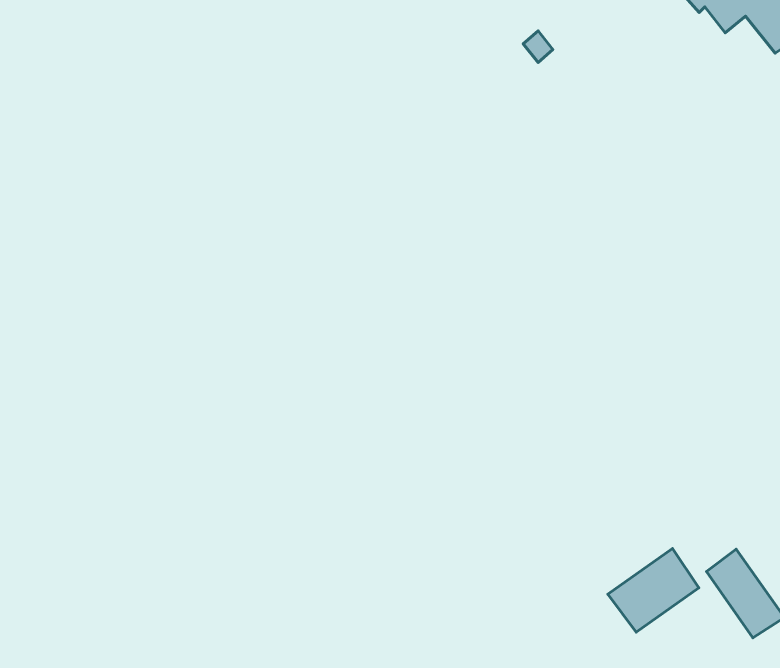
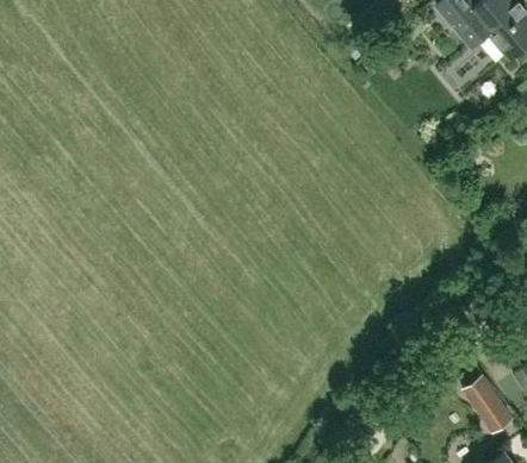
building: [608,549,699,632] -> none

